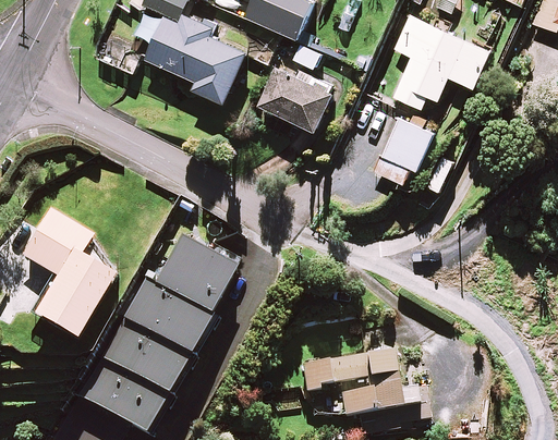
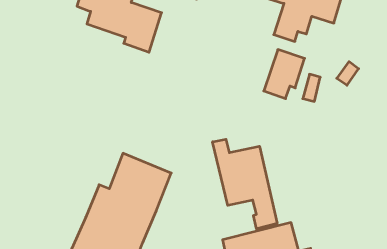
building: [257,49,337,132] -> none
building: [23,211,117,340] -> none
building: none -> [213,139,277,229]

